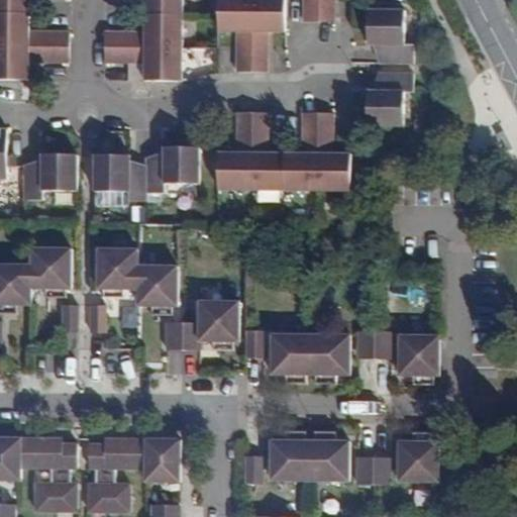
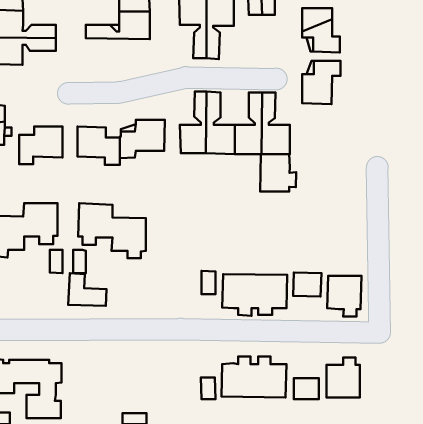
building: [104,46,182,80] -> none
building: none -> [260,154,296,192]
building: [166,299,237,349] -> none
building: [86,436,179,508] -> none

